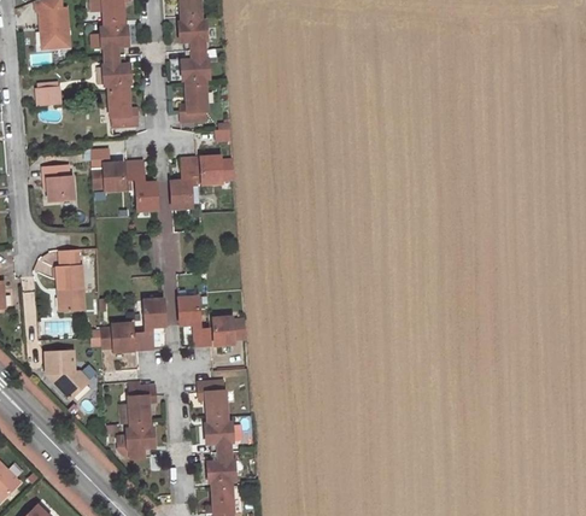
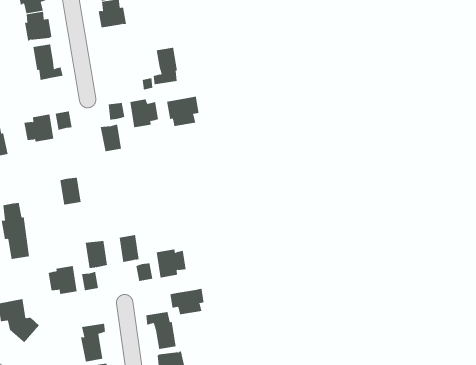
building: [181,83,207,121] -> [153,47,178,85]
building: none -> [167,96,199,127]
building: [136,182,157,210] -> [60,177,81,205]
building: none -> [170,288,204,315]

